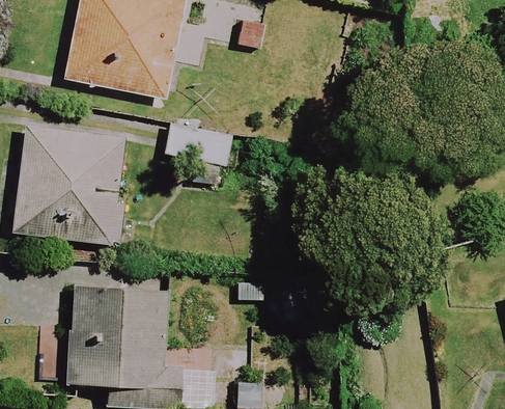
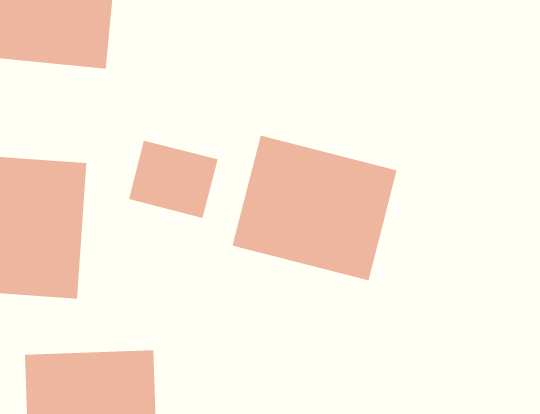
building: none -> [232,135,397,281]

